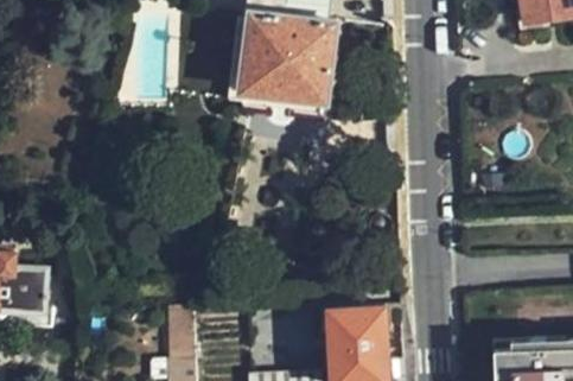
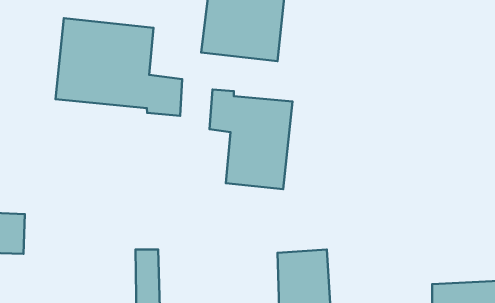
building: none -> [56,18,182,116]
building: none -> [210,89,292,189]

